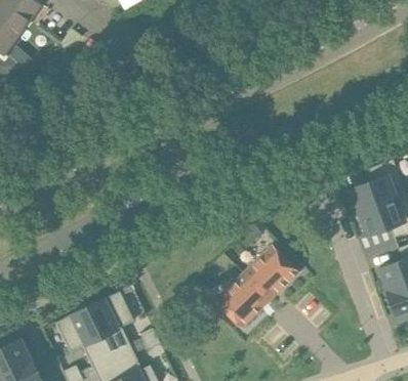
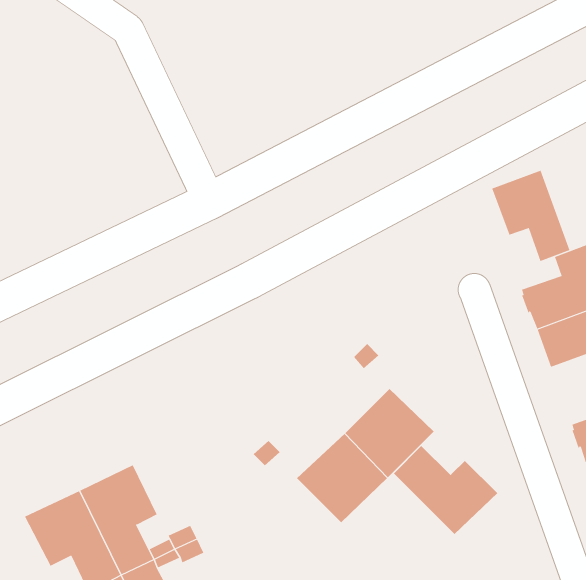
building: none -> [492,170,570,262]
building: none -> [393,445,498,535]

